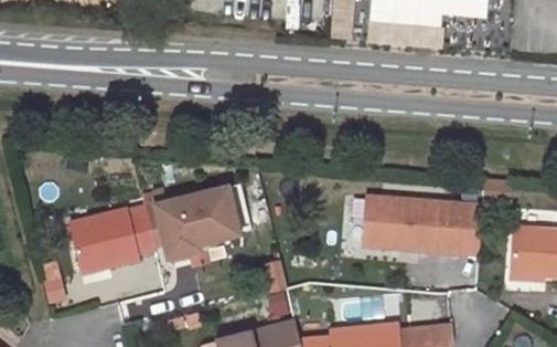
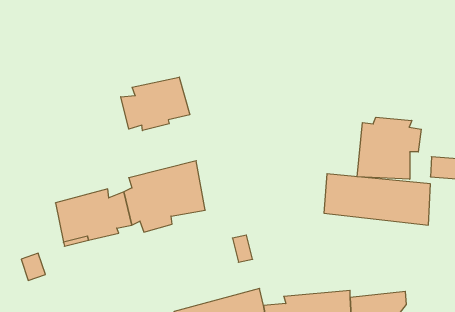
building: none -> [121,77,190,131]
building: none -> [357,117,421,179]

